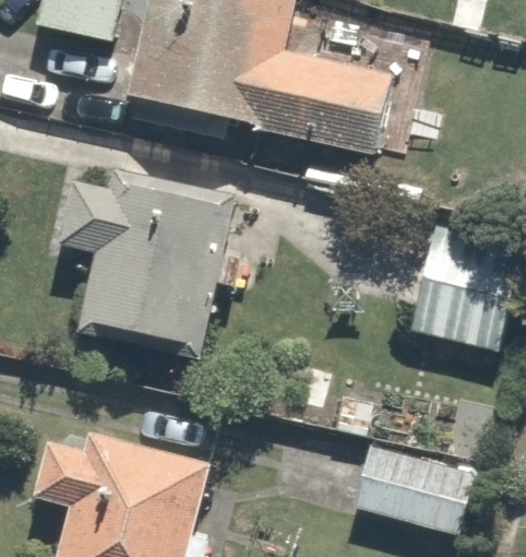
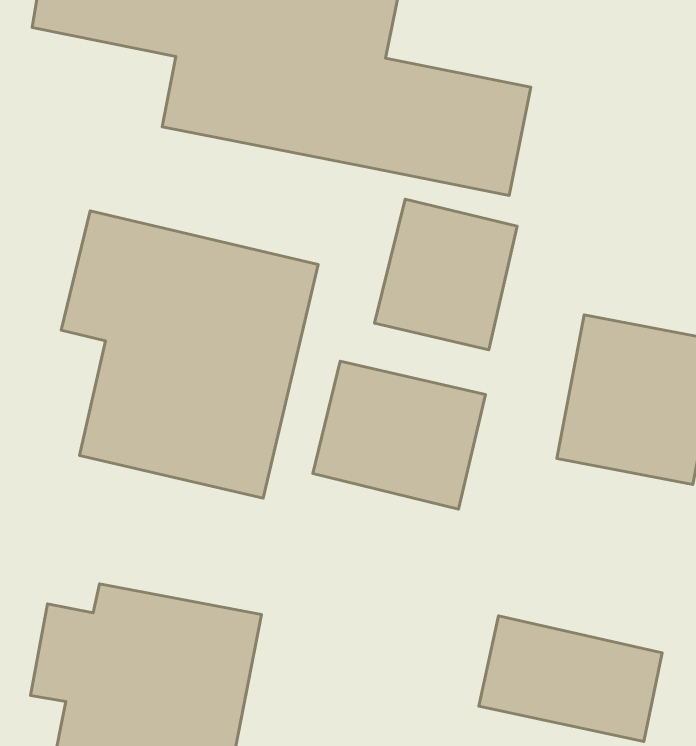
building: none -> [374,199,517,350]
building: none -> [313,361,486,509]

